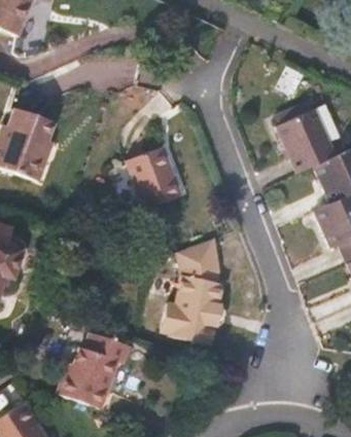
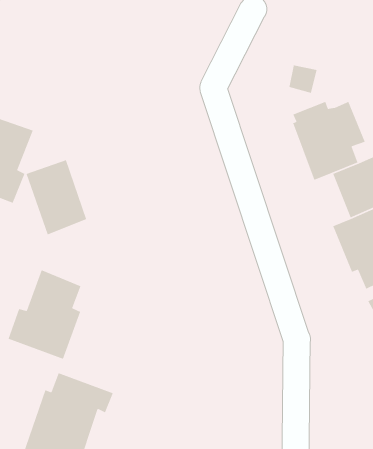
building: [128,144,180,209] -> [25,159,87,235]
building: none -> [8,269,81,360]
building: [162,249,222,341] -> none

